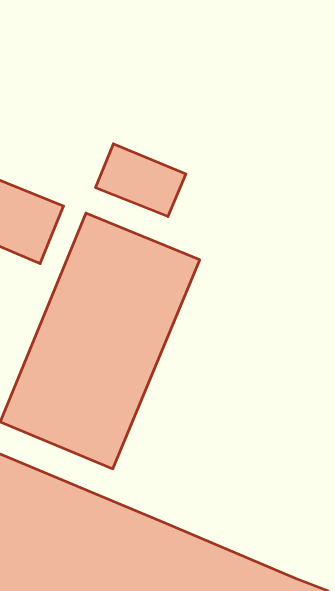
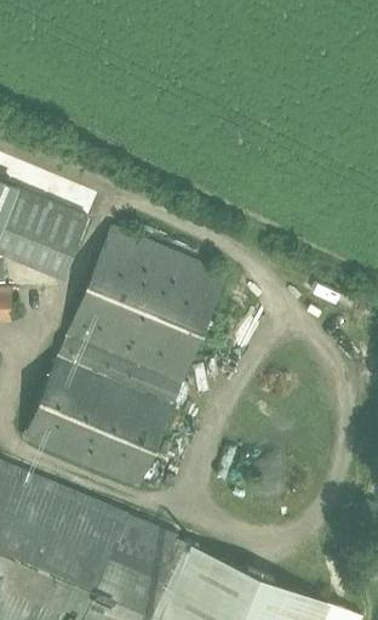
building: [96,144,186,217] -> none

